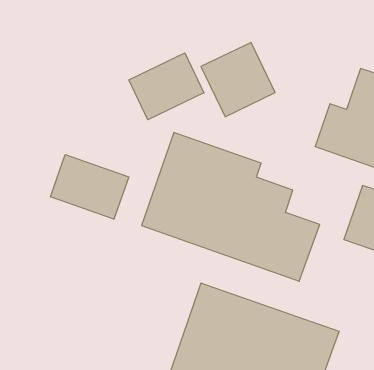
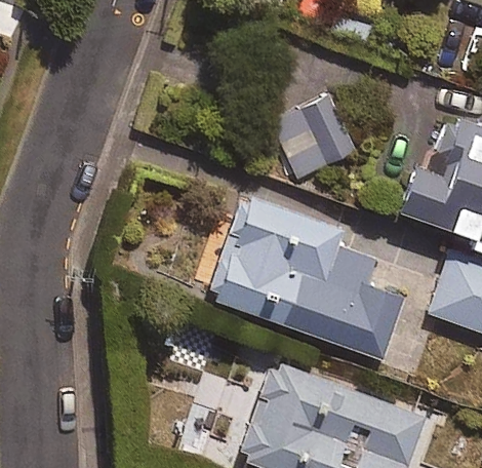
building: [129,53,204,120] -> none
building: [50,155,129,219] -> none

